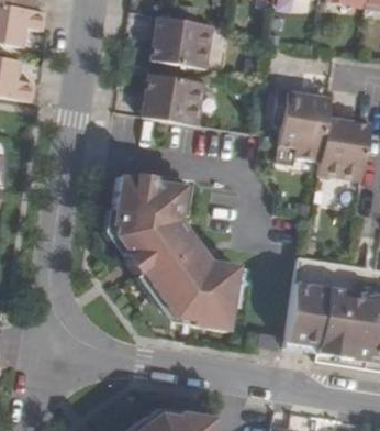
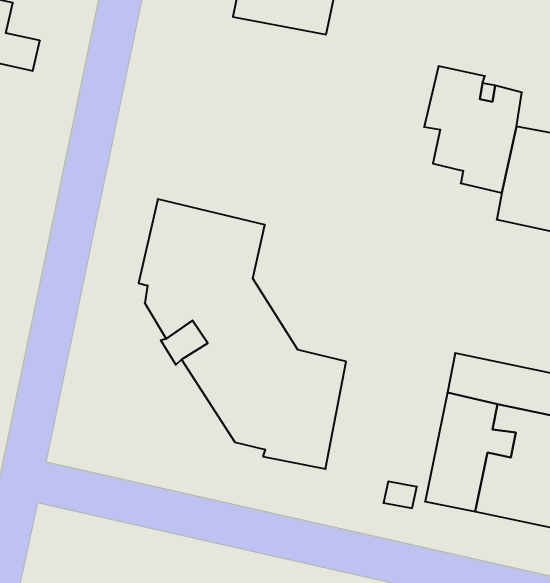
building: [145,74,208,125] -> none

